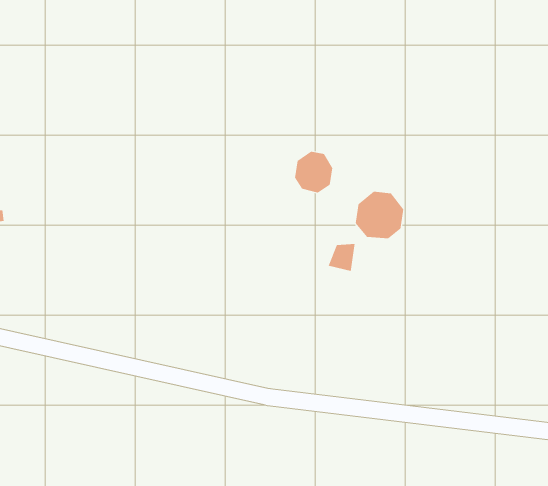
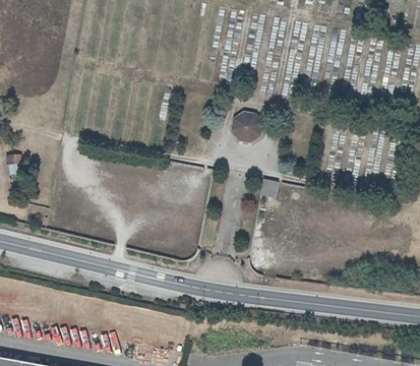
building: [355,191,404,239] -> none

